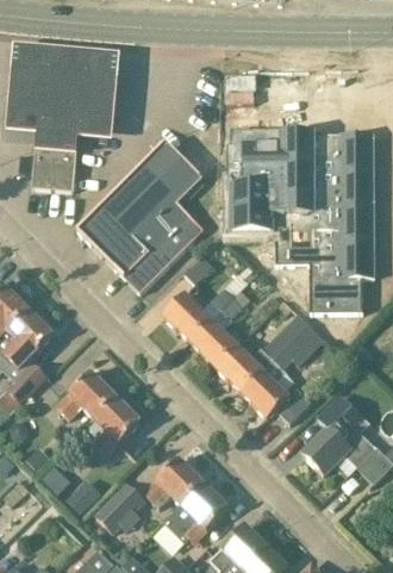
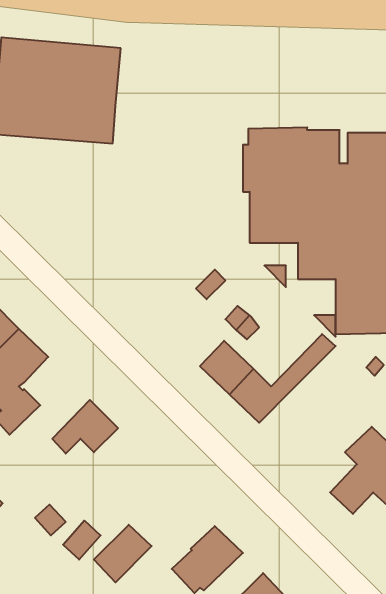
building: [77,141,205,293] -> none
building: [32,145,76,189] -> none
building: [163,293,211,342] -> none
building: [242,324,325,422] -> none
building: [94,397,141,455] -> none
building: [145,459,202,509] -> none

